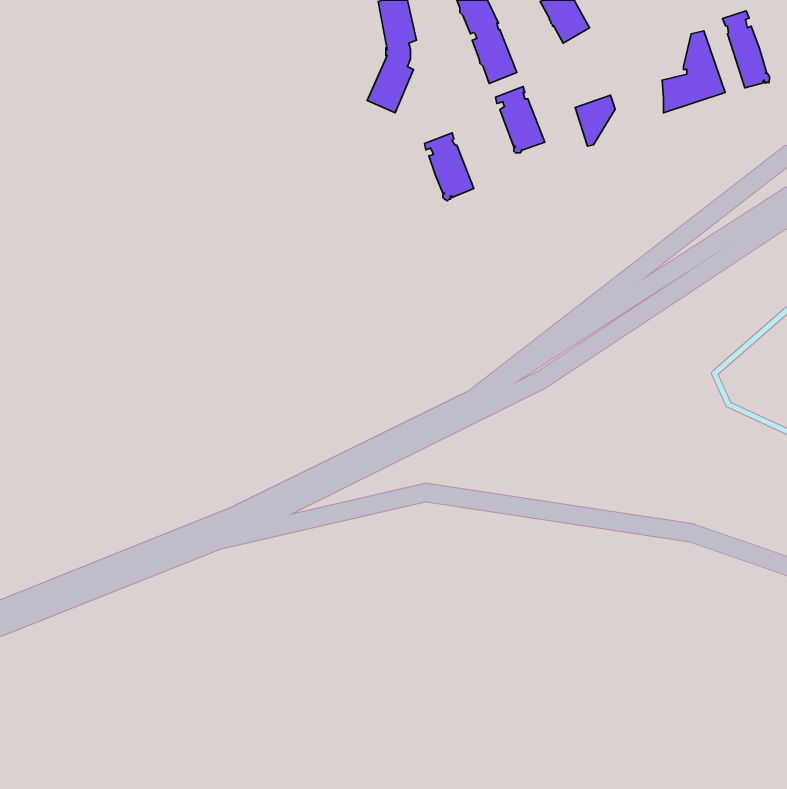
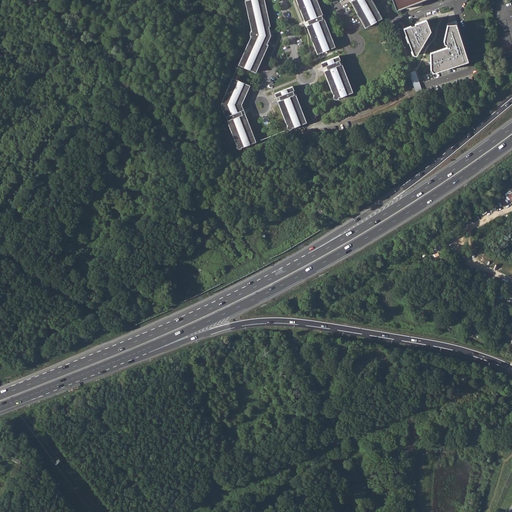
building: [722,11,770,88] -> none
building: [575,95,615,146] -> [405,19,431,52]
building: none -> [222,78,257,149]

